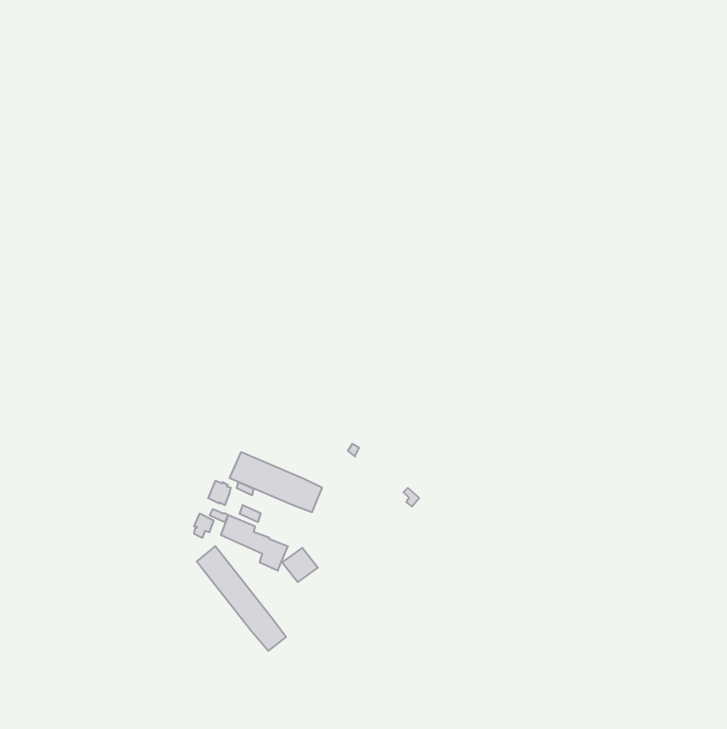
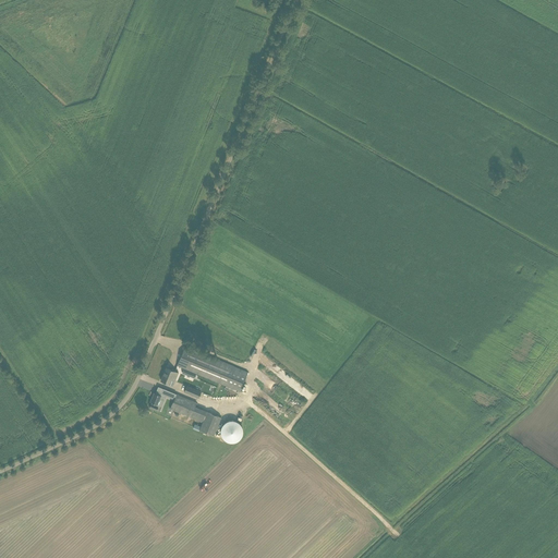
building: [197,546,286,651] -> none

